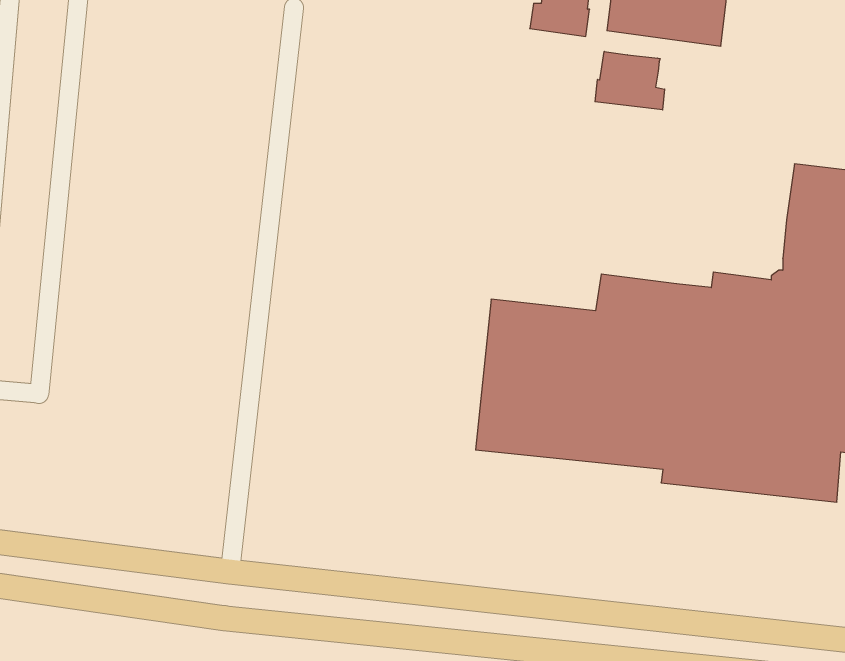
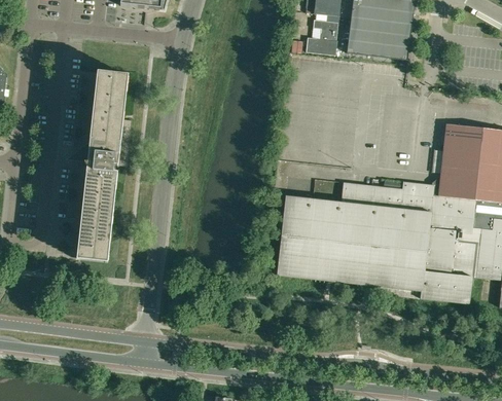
building: [595,51,665,110] -> none
building: none -> [72,72,131,261]

